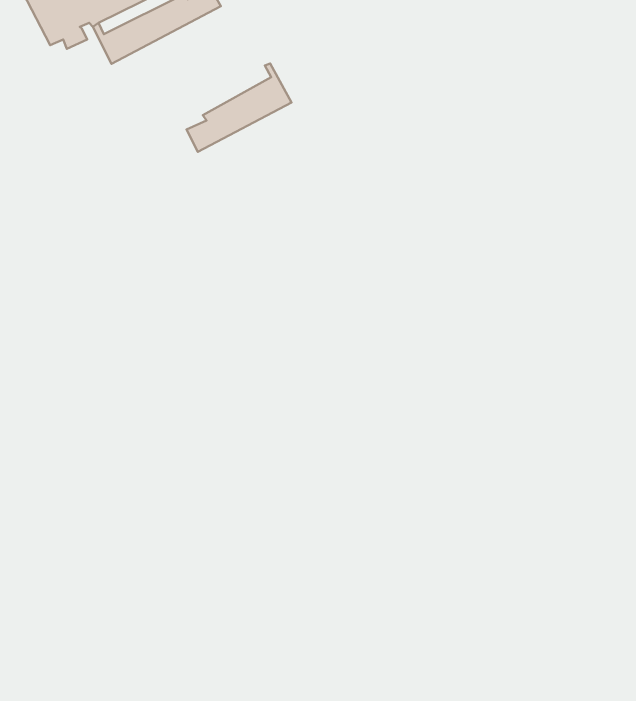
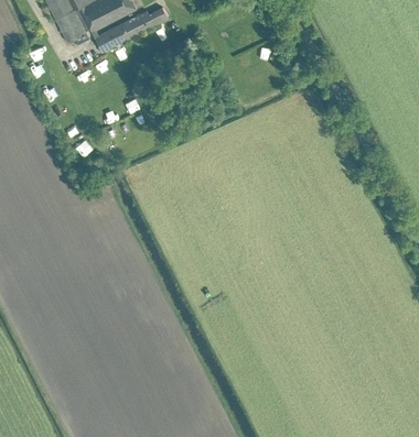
building: [186,63,292,152] -> none

